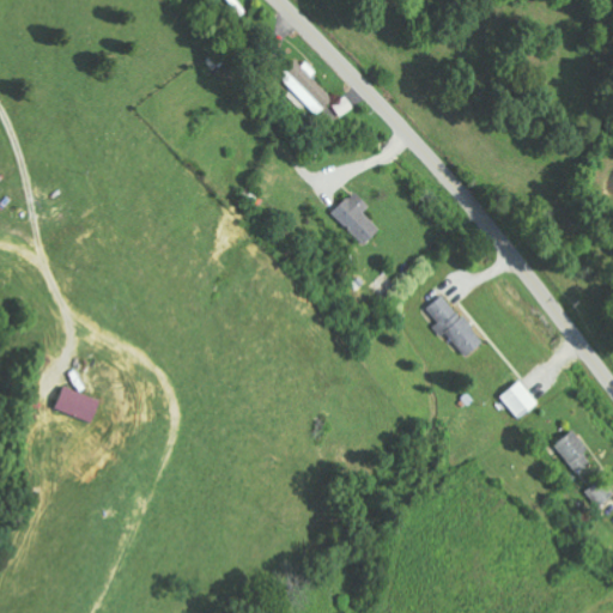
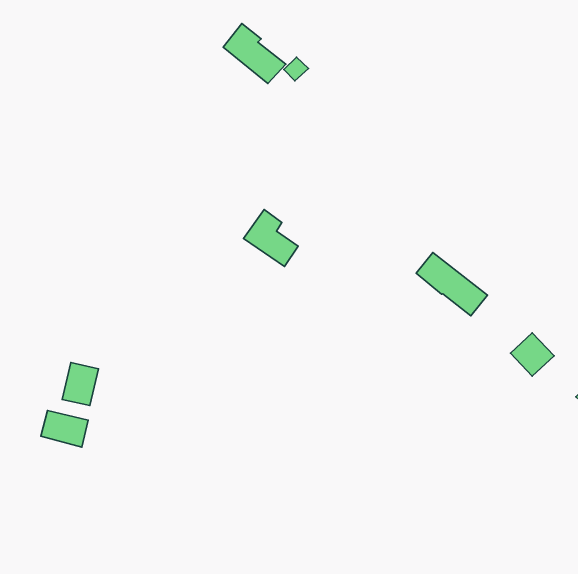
building: [329,190,378,245] -> [244,209,298,266]
building: none -> [62,363,98,406]

